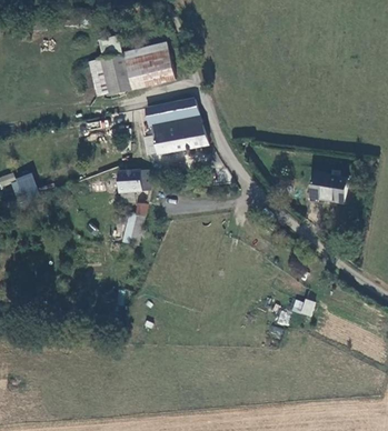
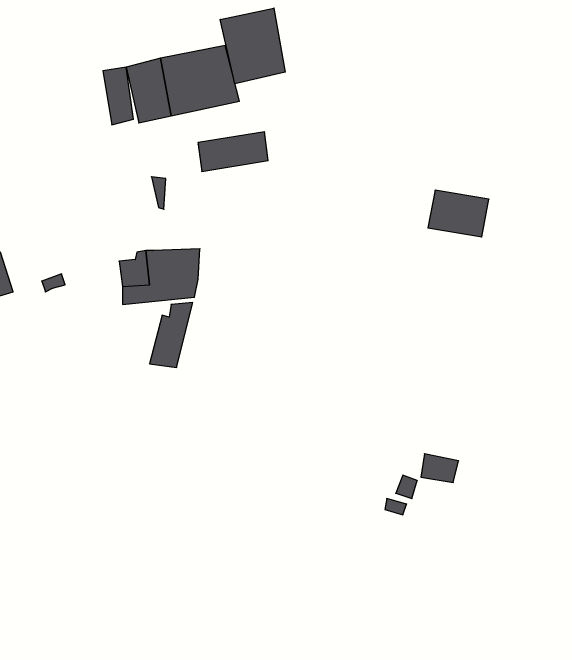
building: none -> [220,8,285,84]
building: [155,116,200,153] -> none
building: [309,171,347,200] -> [428,190,489,237]

